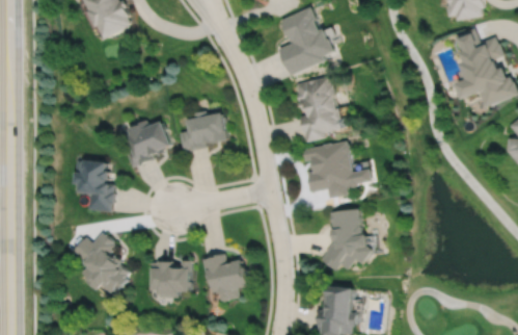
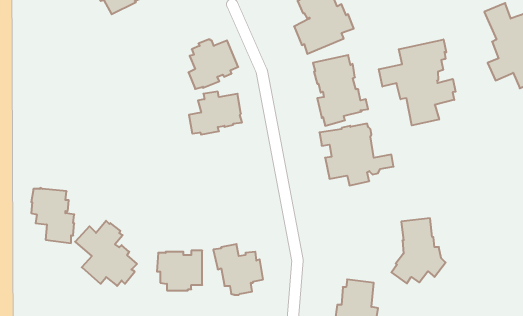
building: none -> [379,39,456,125]
building: [126,120,172,166] -> [188,39,238,89]
building: [74,159,114,211] -> [31,188,74,243]
building: [321,209,372,270] -> [391,218,446,283]

